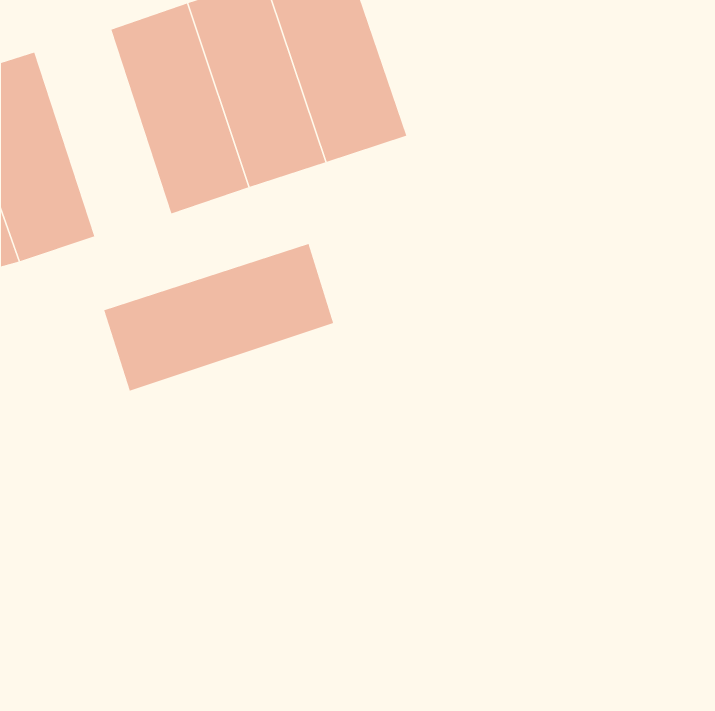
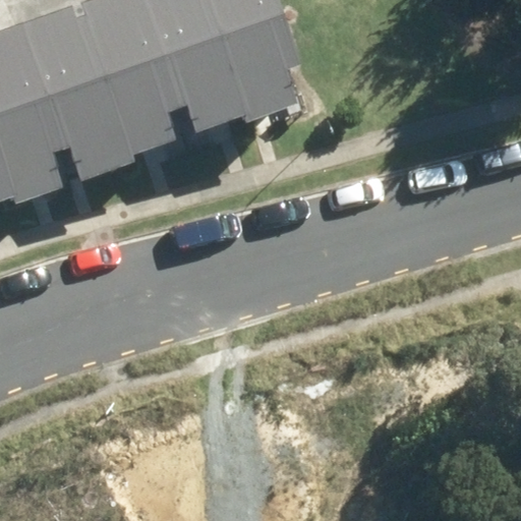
building: none -> [25,21,124,172]
building: [104,243,334,392] -> none

